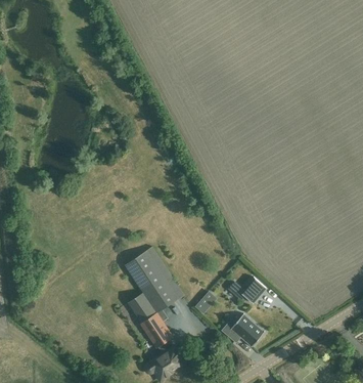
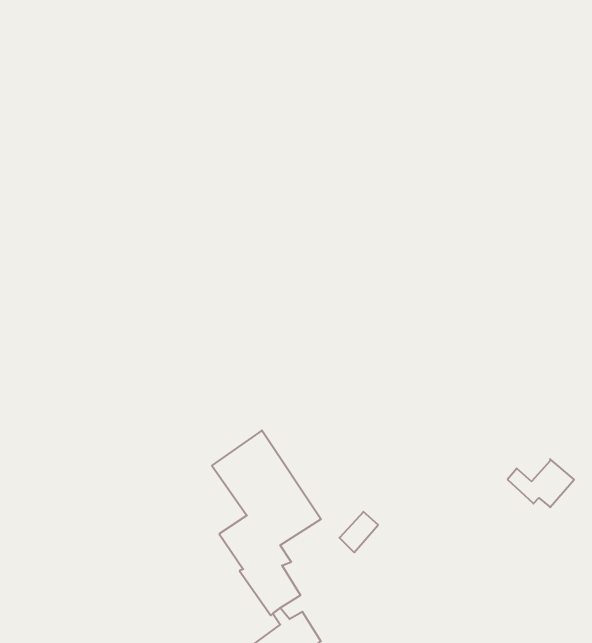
building: [229,276,266,303] -> [508,459,574,507]
building: [222,313,264,347] -> none

